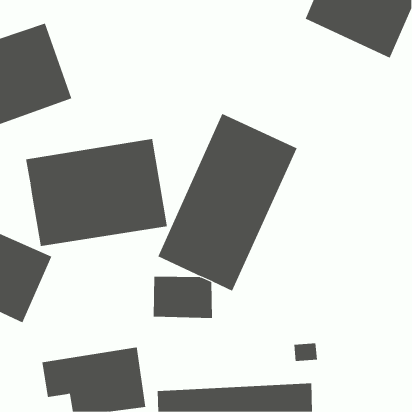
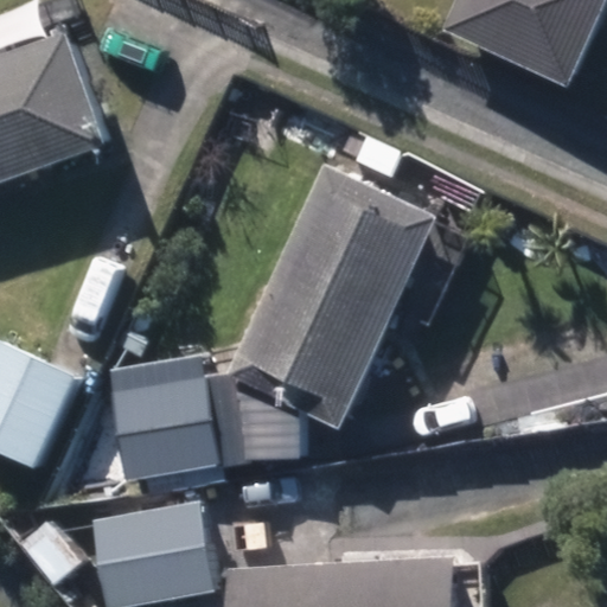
building: [26,138,167,247] -> none
building: none -> [109,377,218,481]

